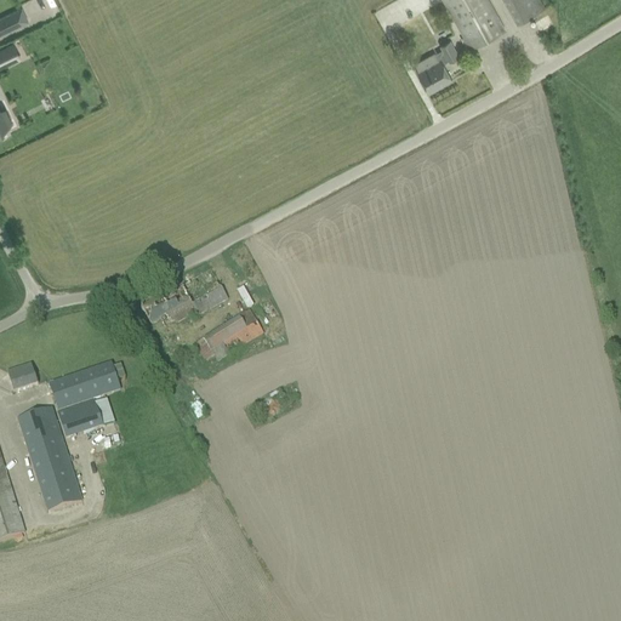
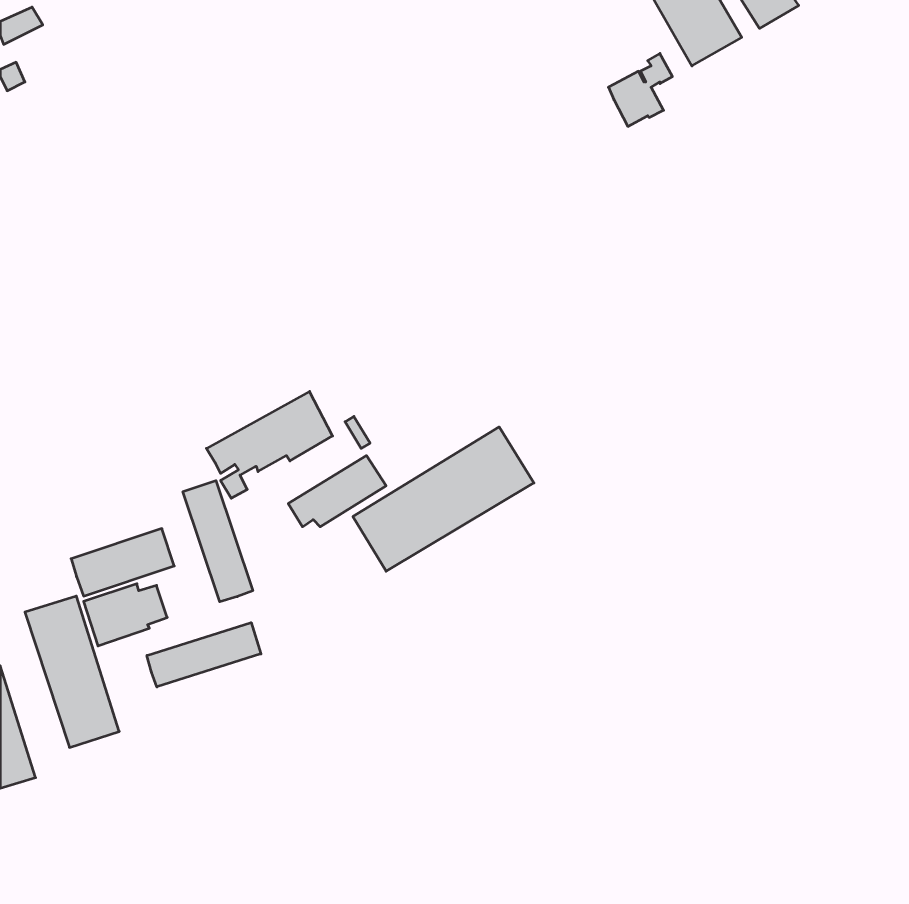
building: none -> [353,427,534,571]
building: none -> [183,481,253,602]
building: [6,363,38,391] -> none
building: none -> [147,623,261,687]

